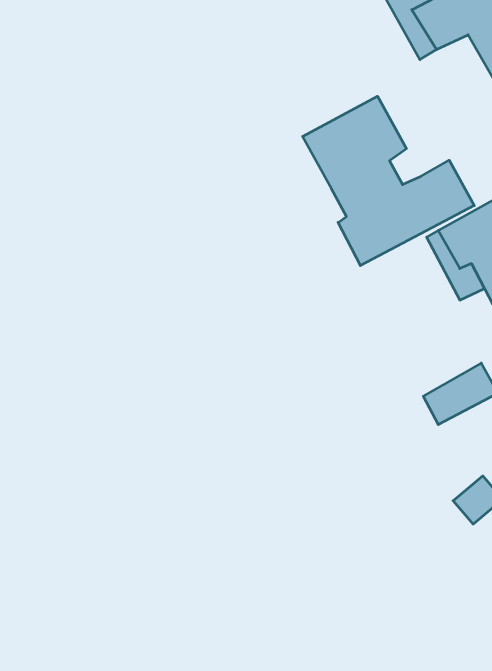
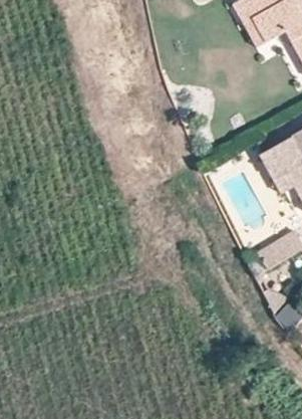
building: [303,96,474,266] -> none

